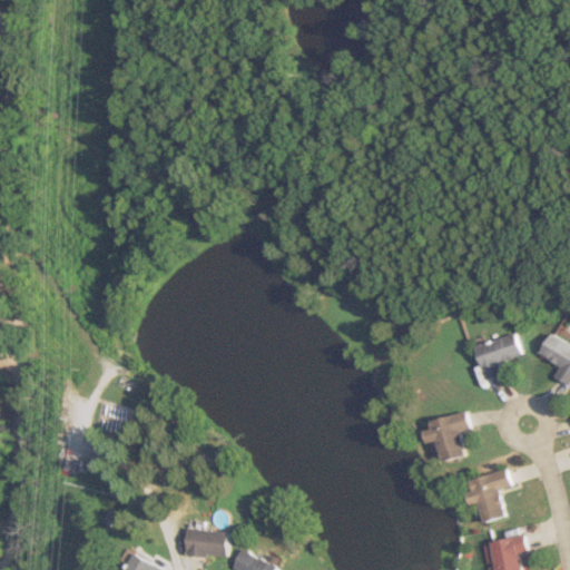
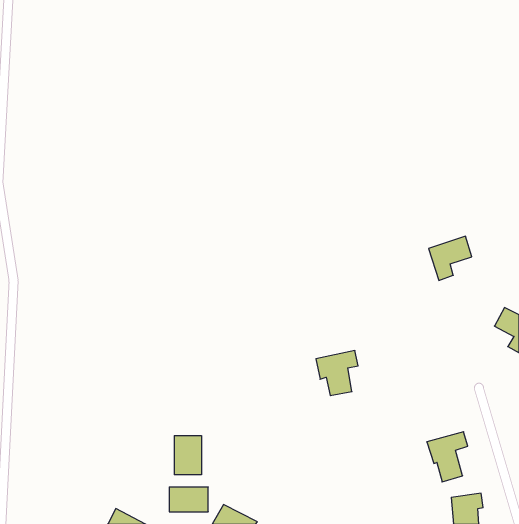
building: [472,333,519,381] -> [429,236,472,280]
building: [423,412,469,461] -> [316,351,358,396]
building: none -> [174,436,201,475]

